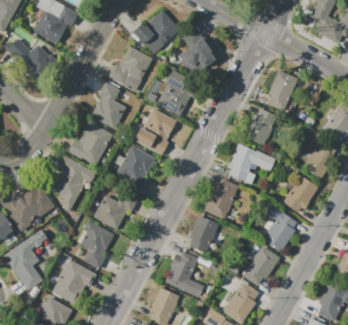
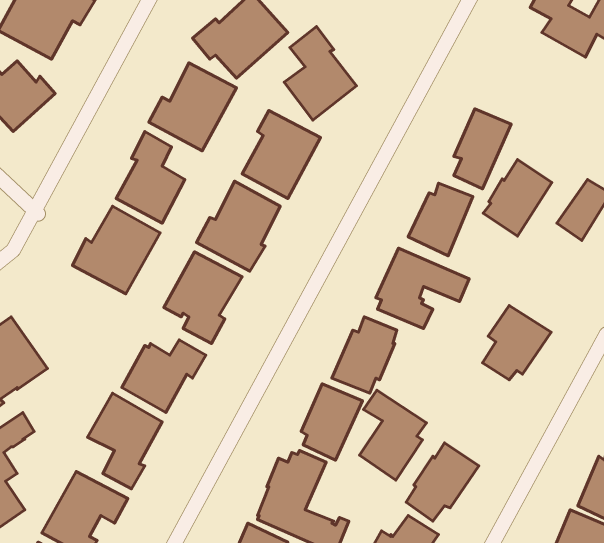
building: [304,139,340,179] -> [483,160,552,236]
building: [52,155,96,212] -> none
building: [263,204,298,251] -> [360,390,426,480]

